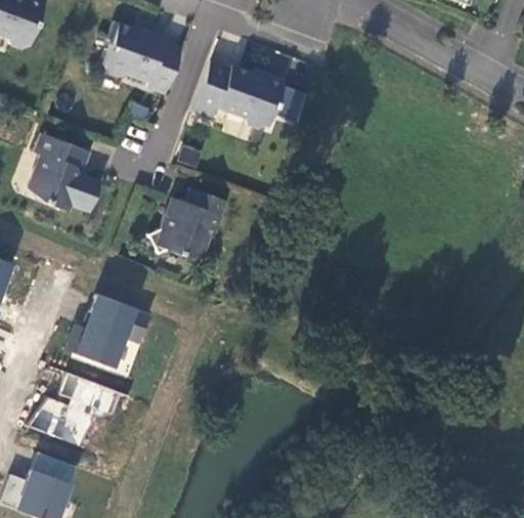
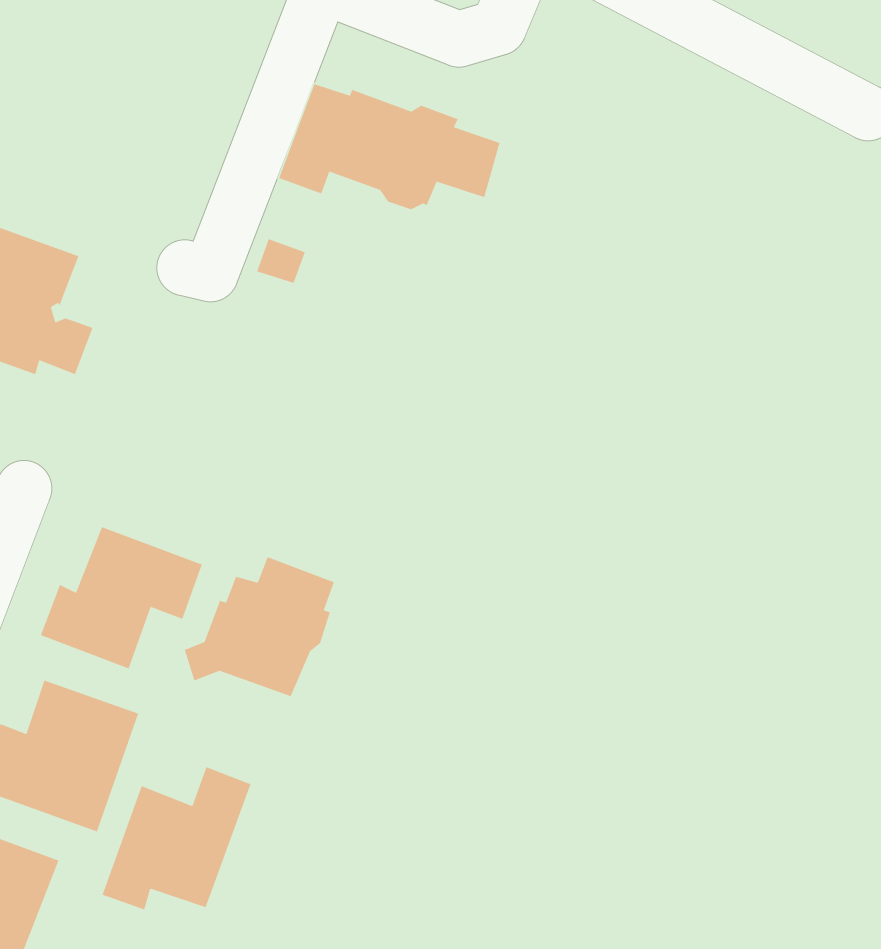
building: [101,25,181,93] -> none
building: [146,190,224,263] -> [184,556,335,697]
building: none -> [102,766,252,910]

